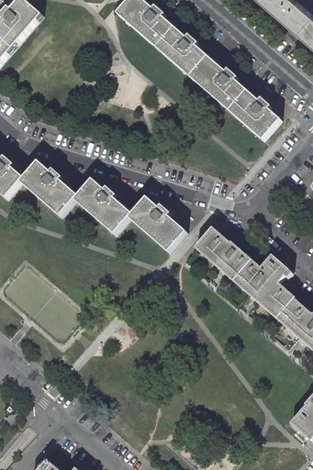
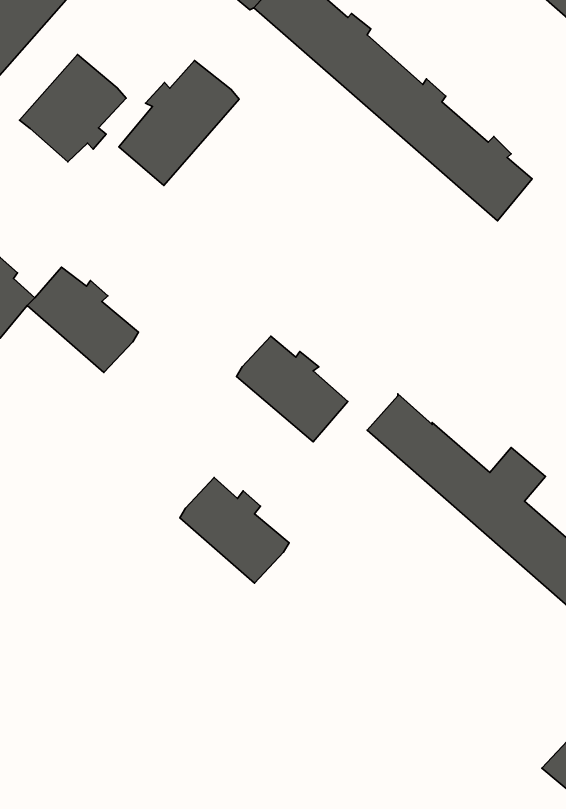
building: none -> [20,54,126,162]
building: none -> [119,60,239,186]
building: [71,178,128,233] -> [180,477,289,583]

